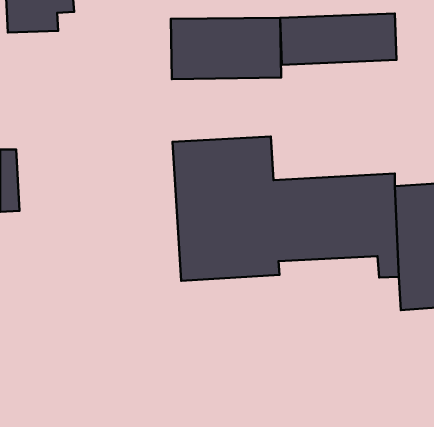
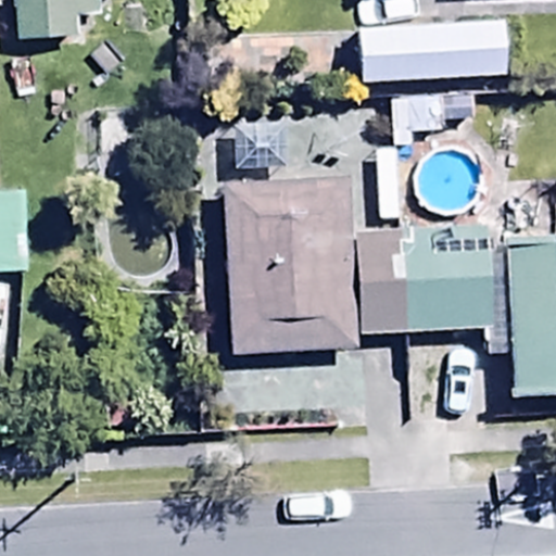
building: [171,18,281,79] -> none

